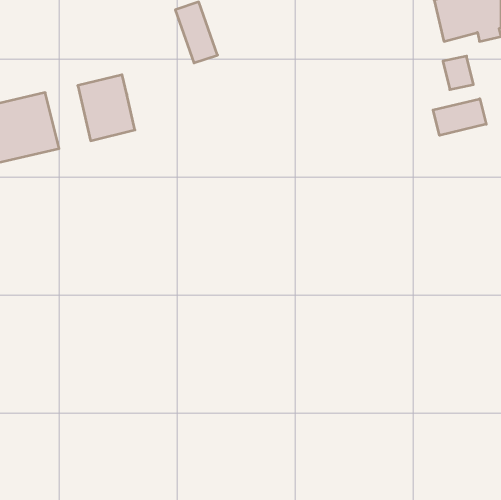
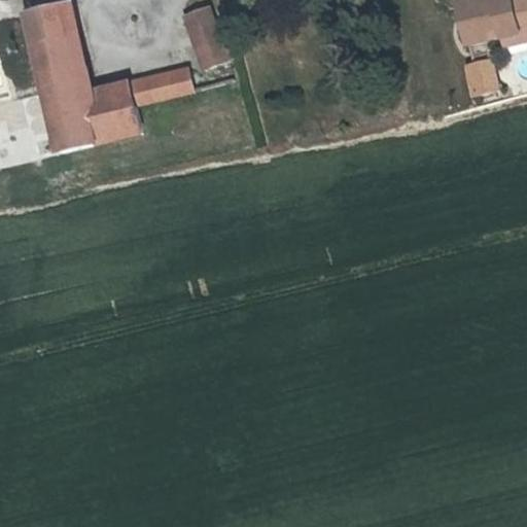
building: none -> [28,11,95,155]
building: none -> [128,64,191,99]
building: [433,99,486,135] -> none

